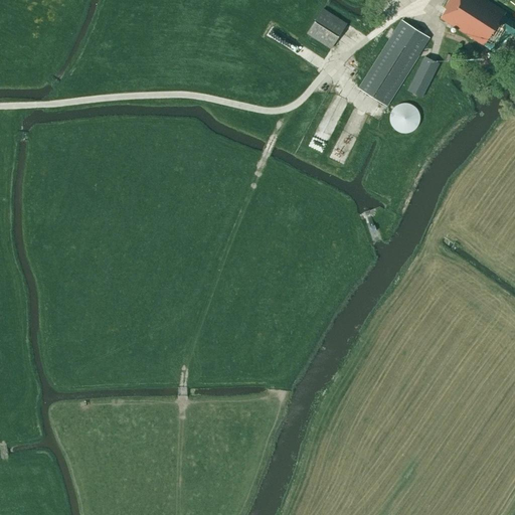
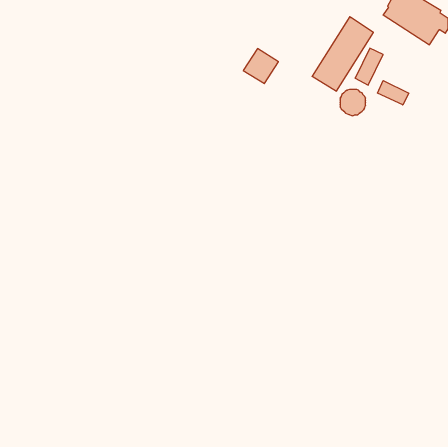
building: [307,8,347,48] -> [243,49,278,84]
building: none -> [378,81,409,105]

